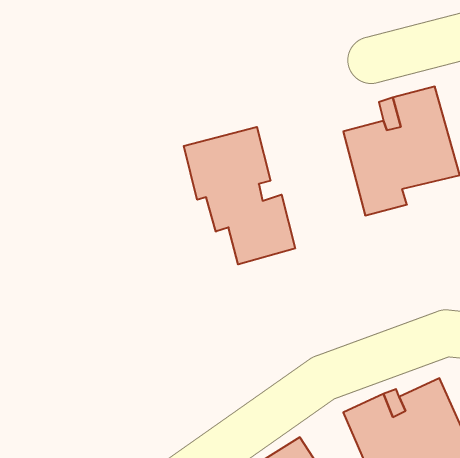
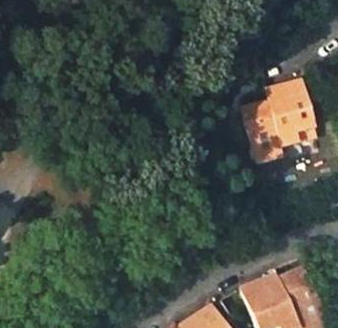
building: [184,127,295,264] -> none

